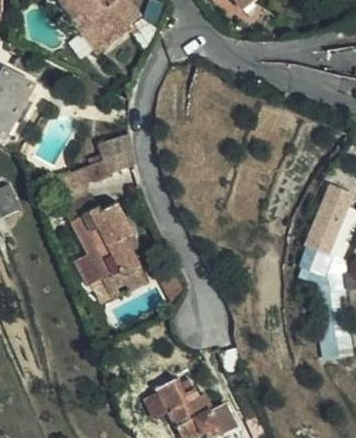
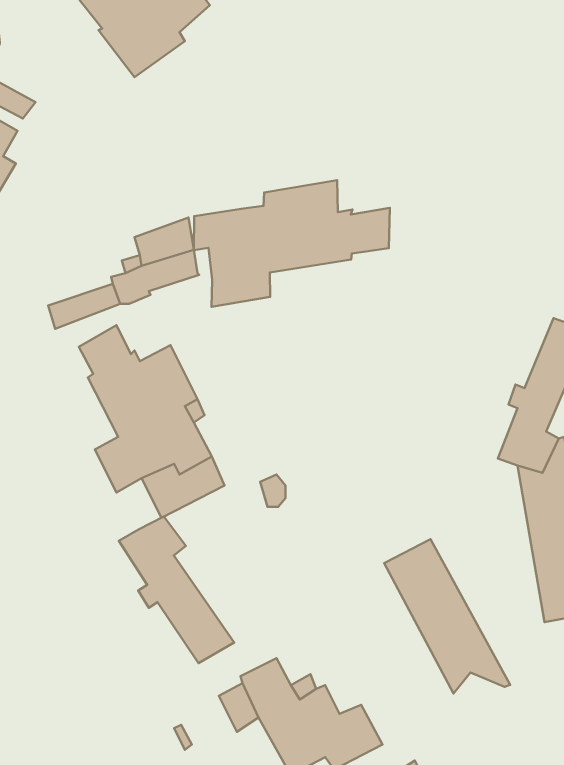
building: none -> [194,180,390,307]
building: none -> [119,517,234,663]
building: none -> [384,539,510,693]

